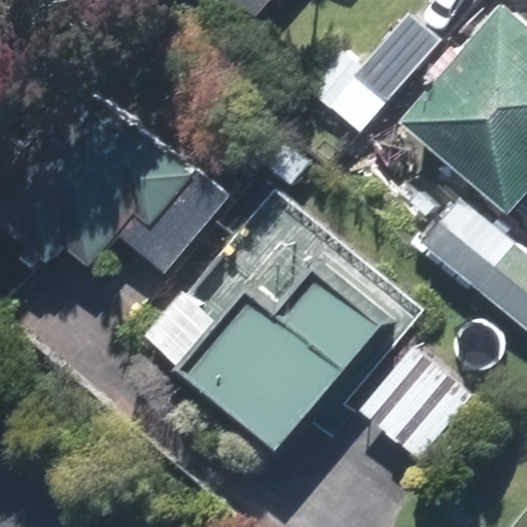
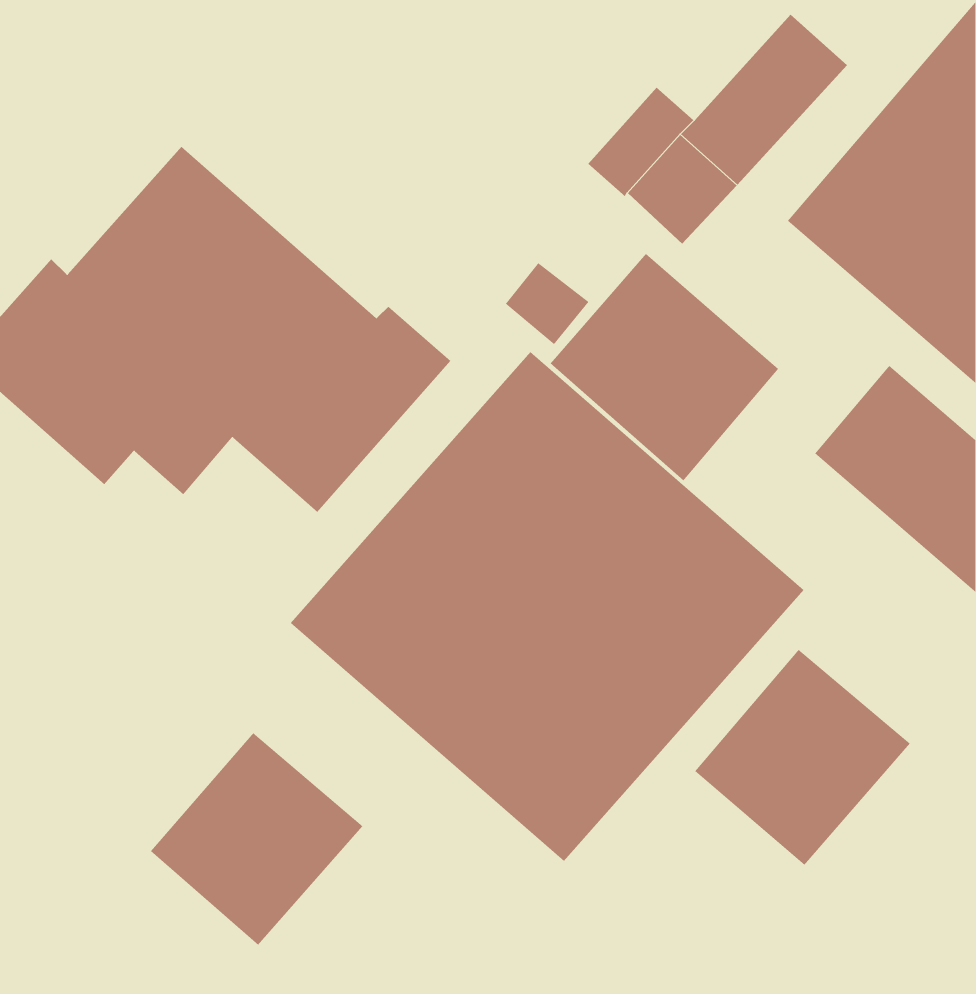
building: none -> [549,253,779,482]
building: none -> [150,732,364,946]

